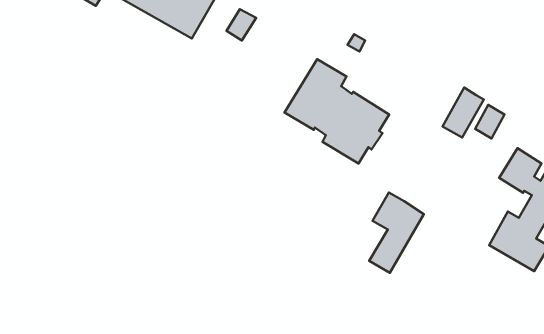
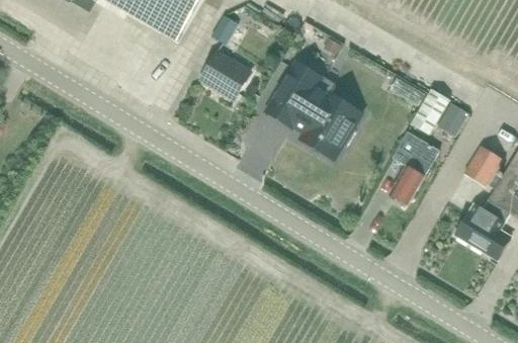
building: none -> [200,49,251,94]
building: [369,192,424,273] -> [387,130,438,204]

